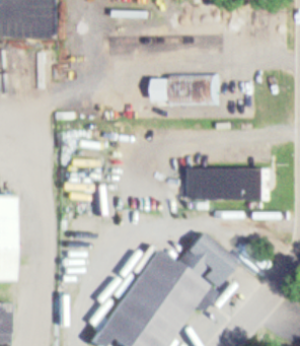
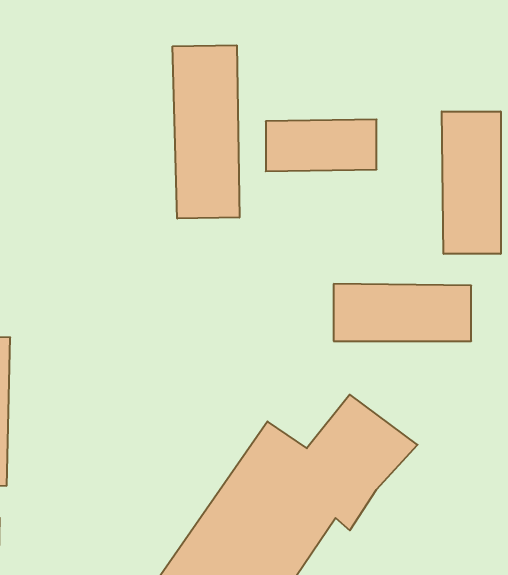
building: none -> [173,45,239,219]
building: none -> [442,111,501,254]

